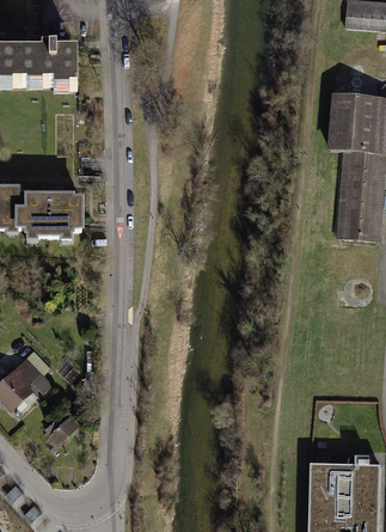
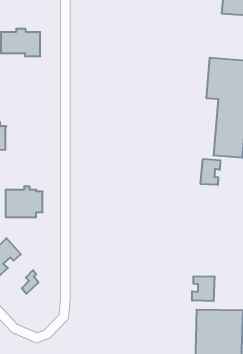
building: [26,189,81,234] -> [6,187,43,217]
building: none -> [201,159,220,185]
building: none -> [192,276,214,301]

